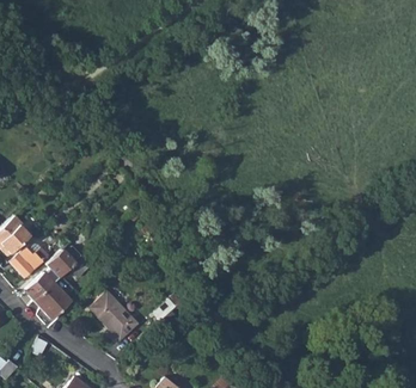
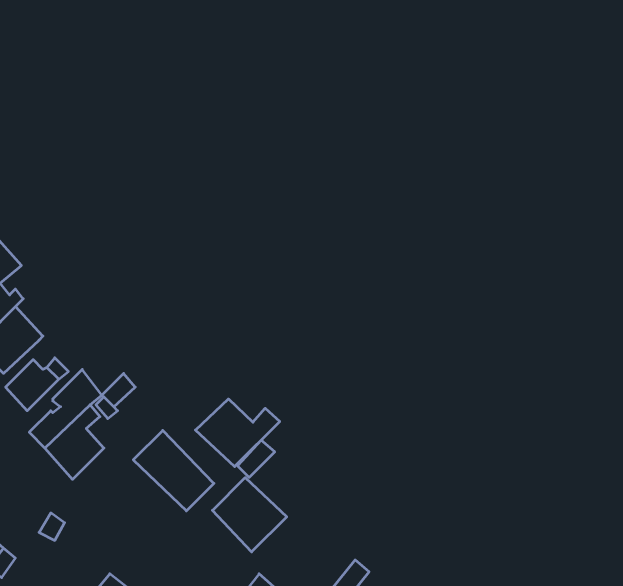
building: none -> [195,399,280,467]
building: none -> [212,478,287,552]

